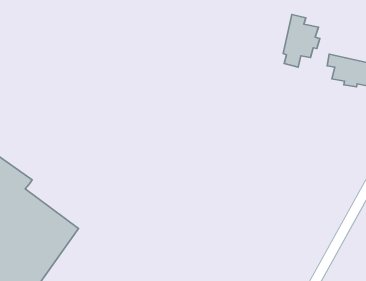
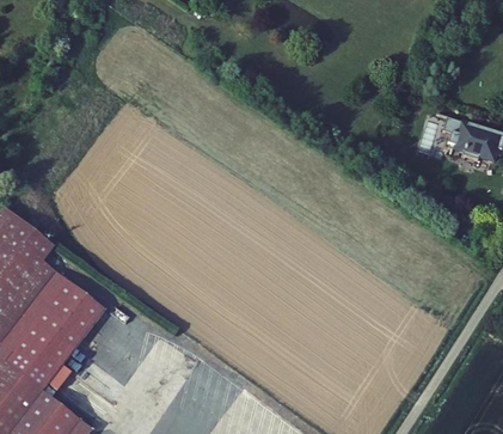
building: [283,14,320,67] -> none

